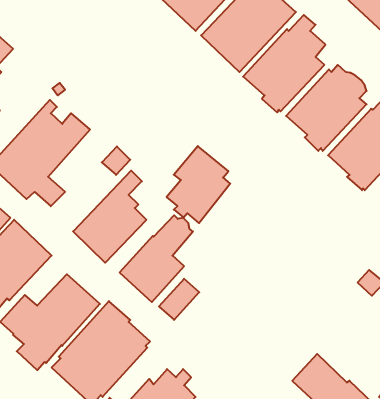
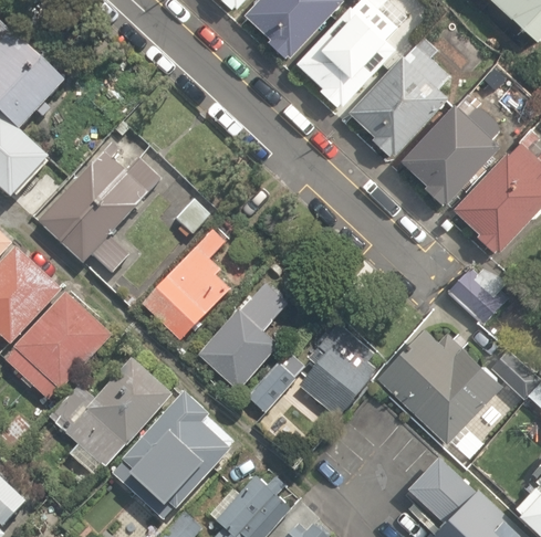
building: [167,146,230,223] -> [298,323,376,418]
building: none -> [448,267,507,324]
building: none -> [378,329,503,445]

